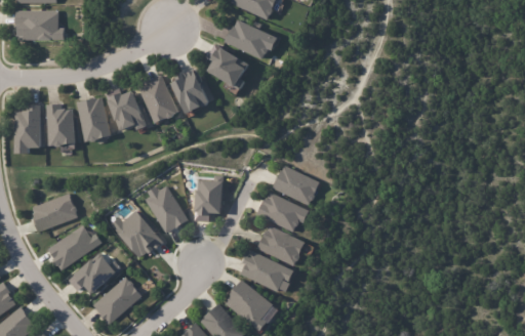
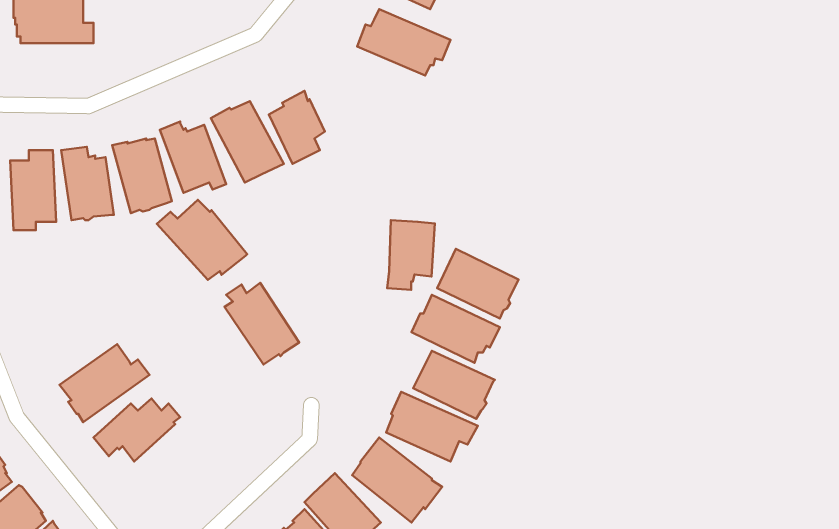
building: [210,48,249,91] -> none
building: [195,180,224,222] -> [387,220,435,290]
building: [29,192,75,232] -> none
building: [110,211,164,259] -> [157,200,247,280]
building: [93,278,143,326] -> none

